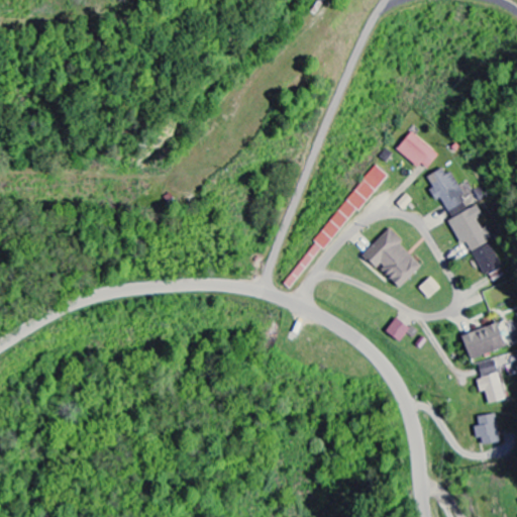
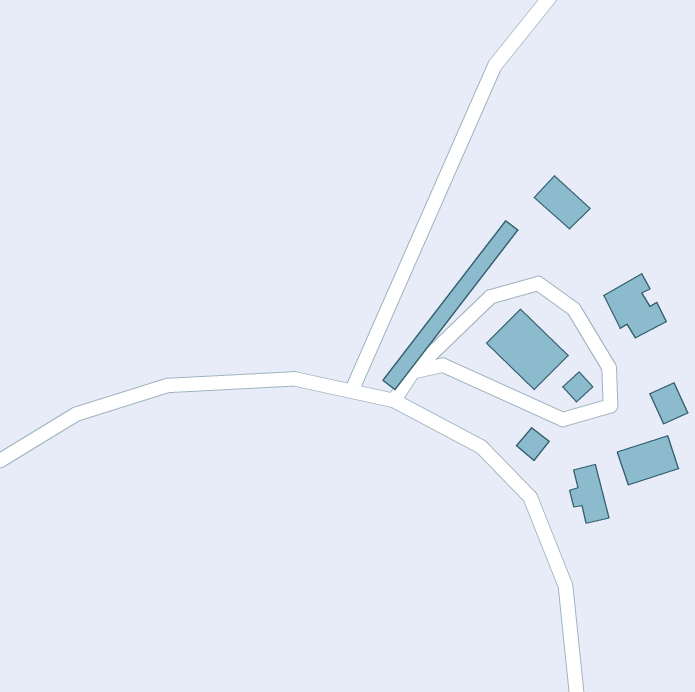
building: [424,165,466,216] -> none
building: [473,242,501,273] -> [650,383,688,424]
building: [476,359,505,403] -> [570,465,609,523]
building: [473,411,500,442] -> none

